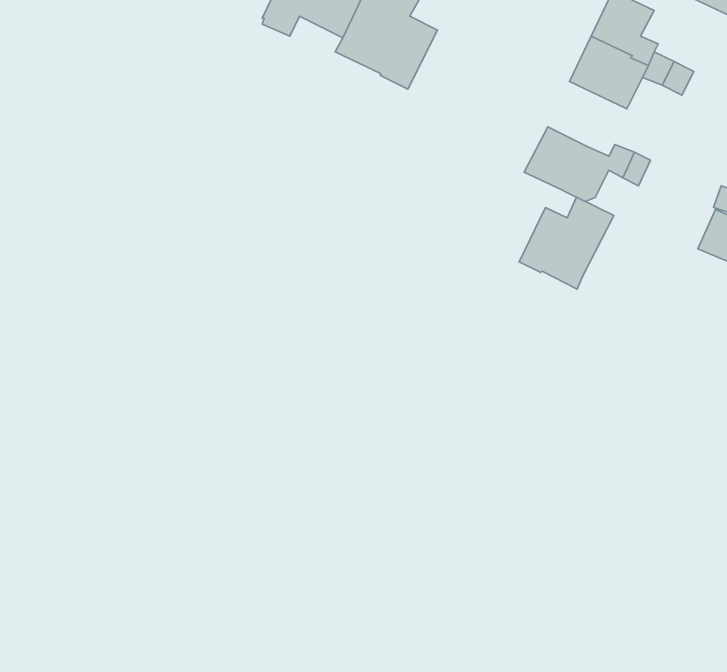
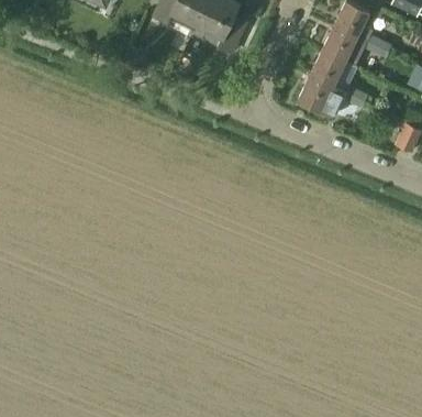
building: none -> [311,50,346,86]
building: [519,197,614,289] -> none

